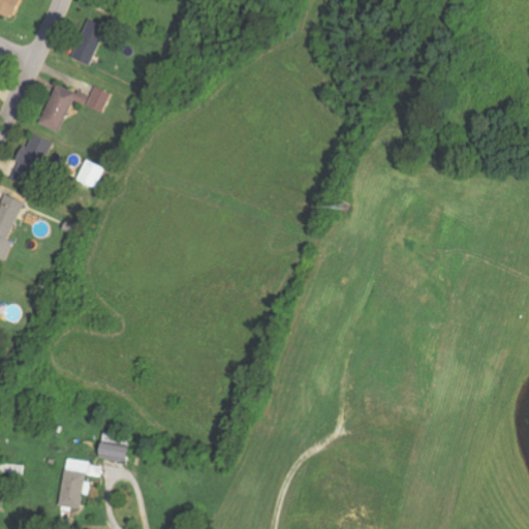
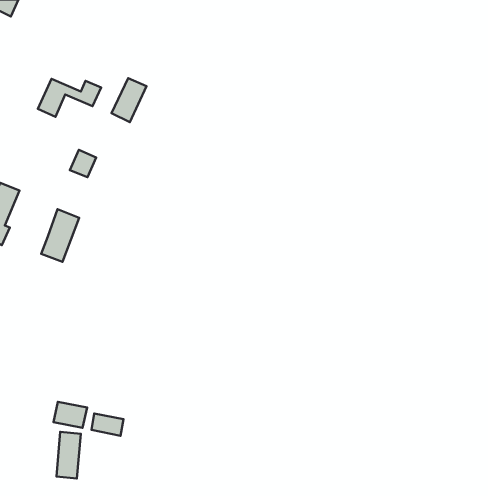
building: [66,19,103,65] -> [112,78,147,122]
building: [9,132,50,188] -> [41,209,79,262]
building: none -> [54,402,87,428]

